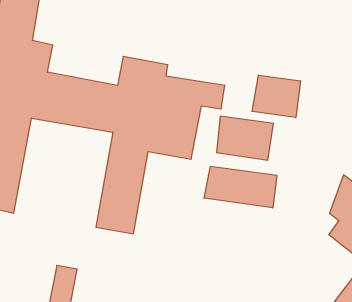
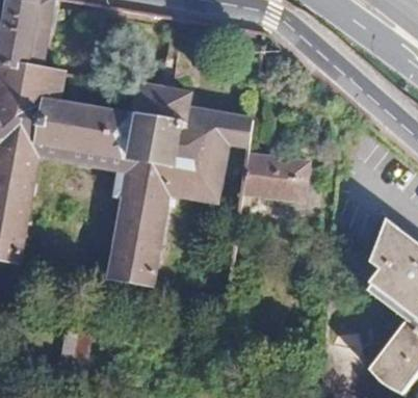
building: [252,75,301,118] -> none
building: [204,166,277,208] -> none

